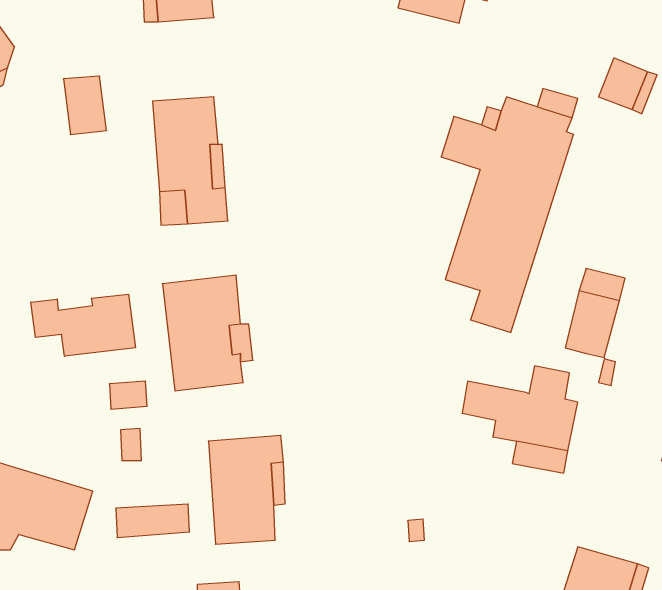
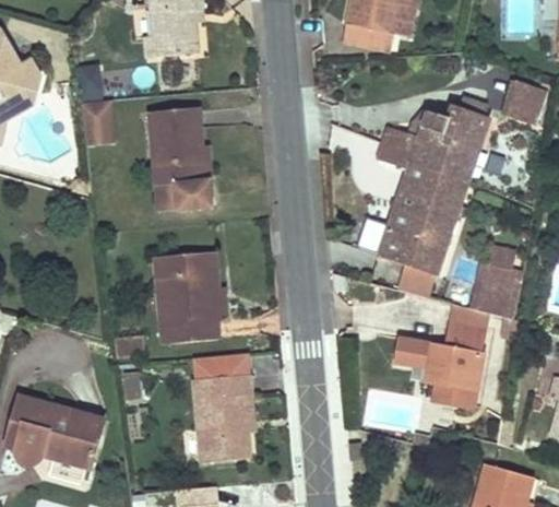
building: [31,294,135,356] -> none
building: none -> [442,304,489,351]
building: [116,504,190,538] -> [192,355,250,381]

